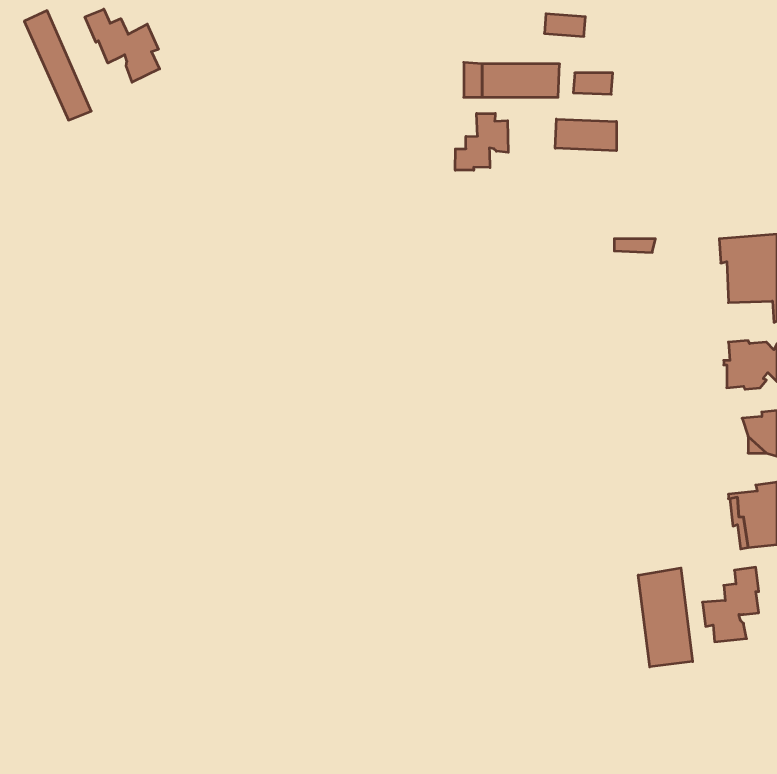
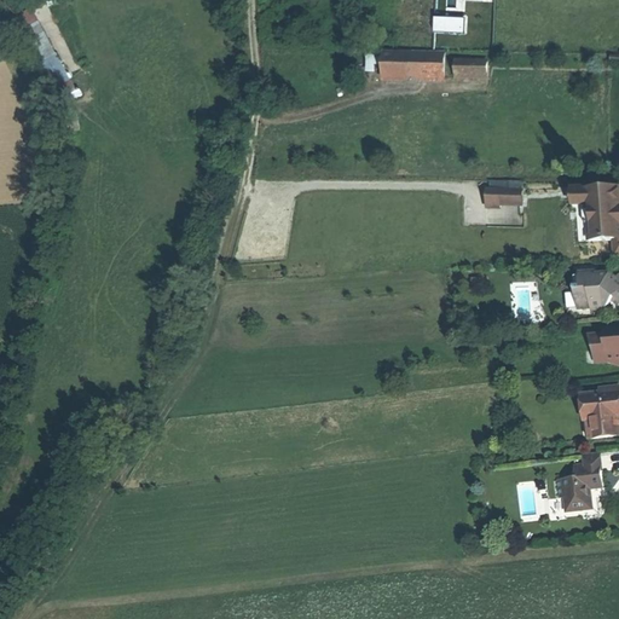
building: [85,9,160,82] -> none
building: [455,113,508,170] -> none
building: [555,119,616,151] -> none
building: [638,568,693,667] -> none

